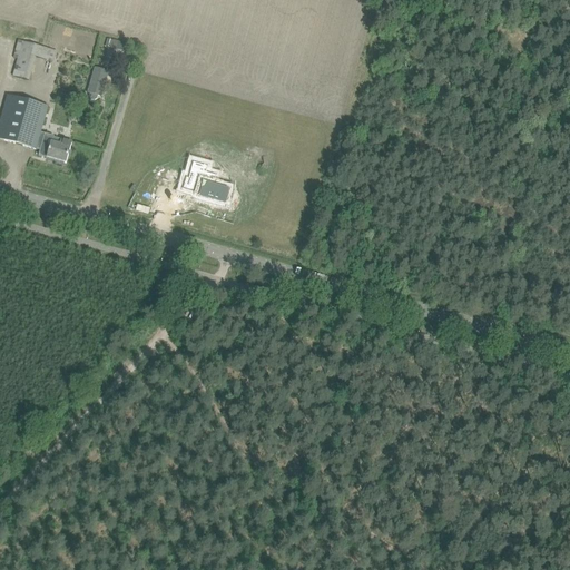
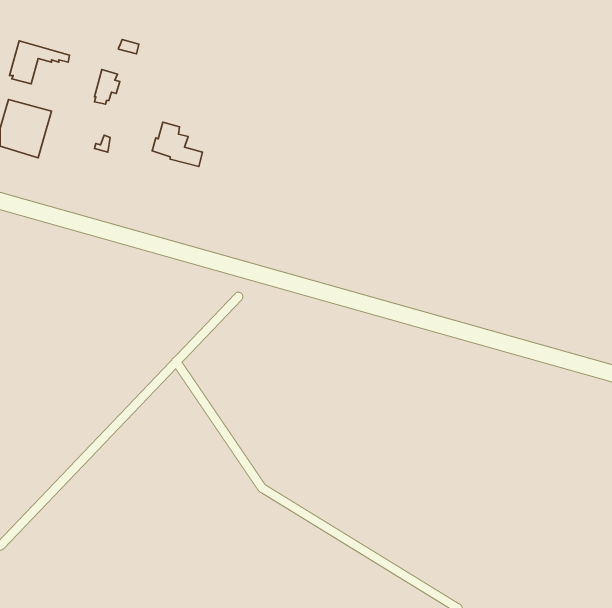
building: [36,130,71,160] -> none
building: [181,161,228,203] -> [152,122,202,166]

